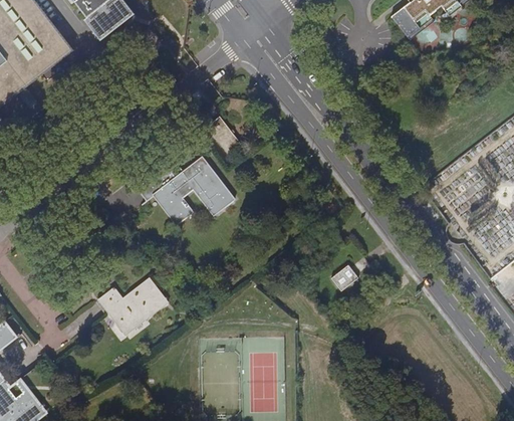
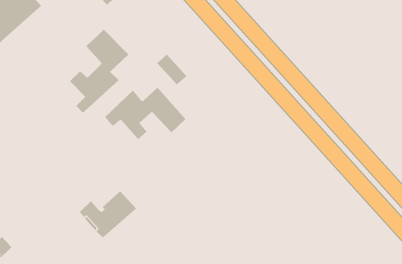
building: none -> [69,29,129,113]
building: [331,265,358,291] -> none

